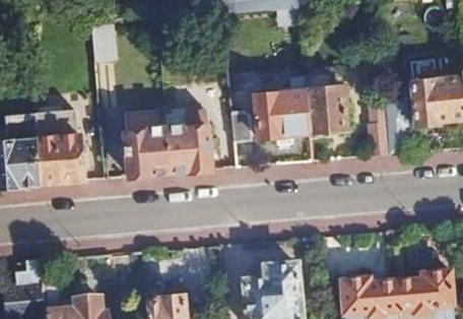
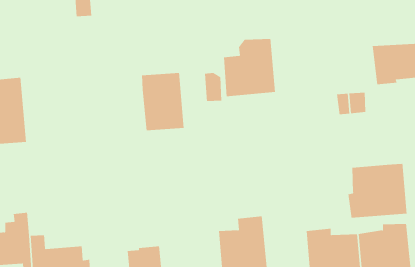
building: [303,59,347,130] -> none
building: [35,111,83,184] -> none
building: [125,113,169,176] -> none
building: none -> [348,163,407,219]

